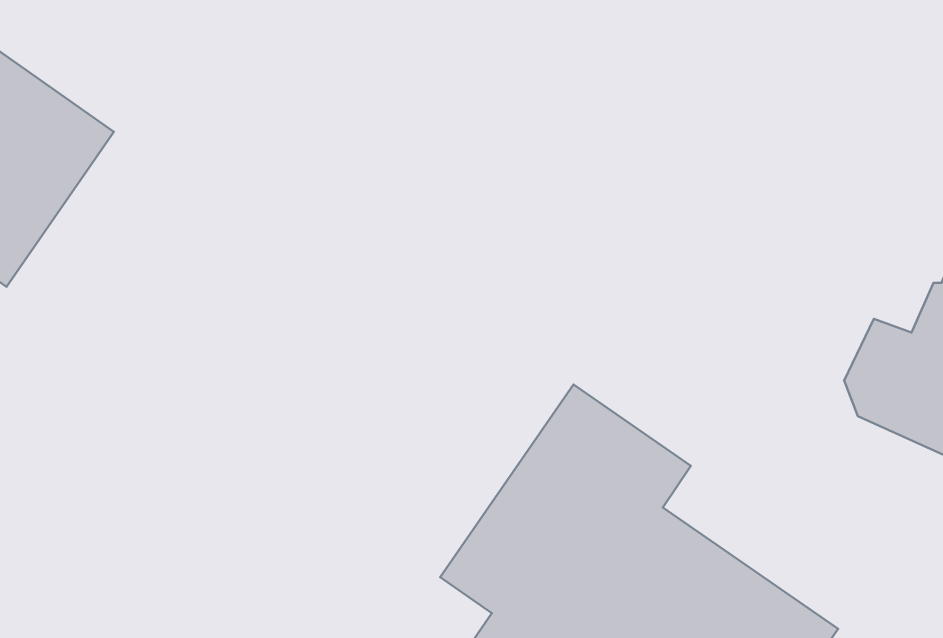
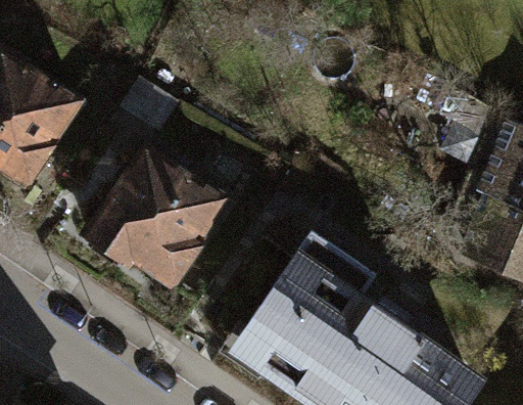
building: none -> [88,151,223,284]

